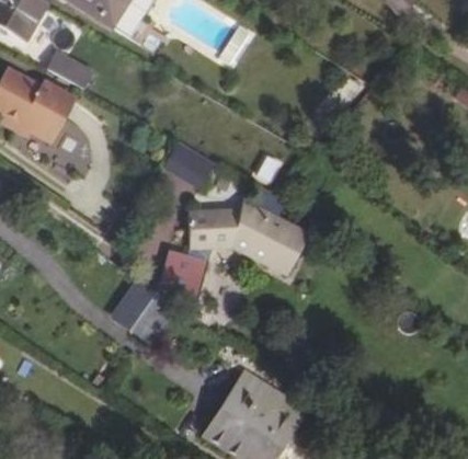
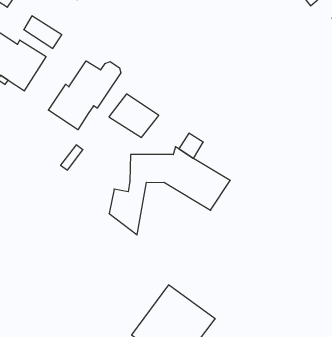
building: none -> [48,61,121,130]
building: [114,280,173,340] -> none

